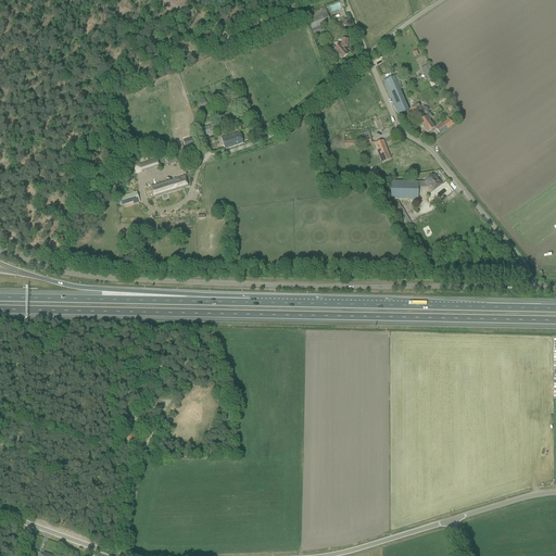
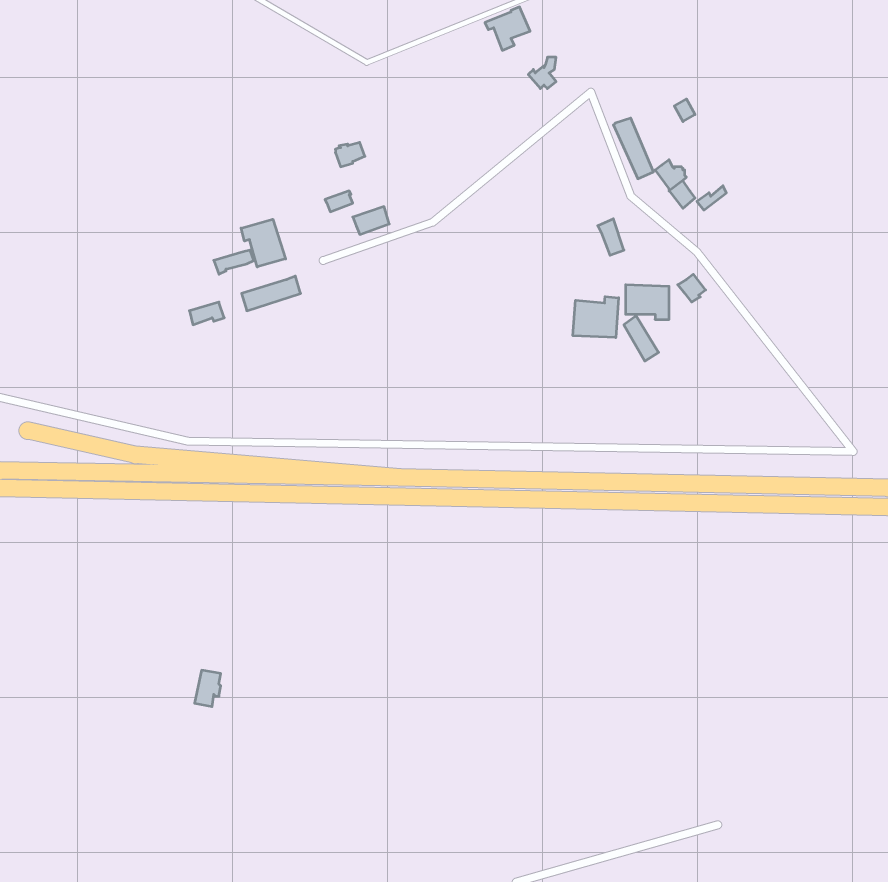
building: none -> [241,219,286,267]
building: none -> [573,297,619,338]

